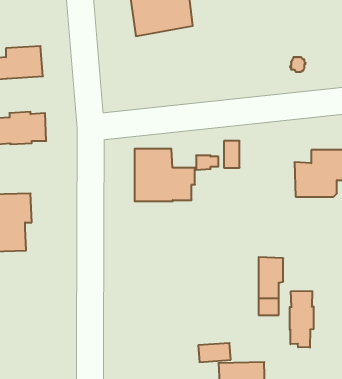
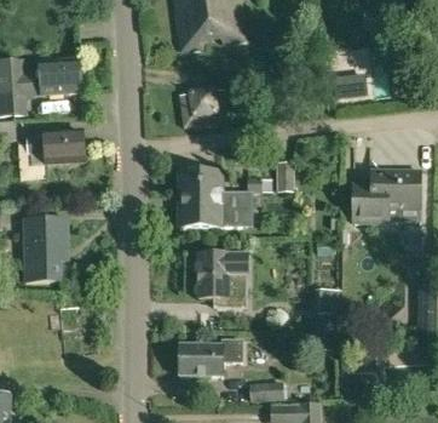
building: none -> [180,85,230,127]
building: none -> [200,253,244,298]
building: [290,291,313,348] -> none
building: none -> [180,338,242,376]

